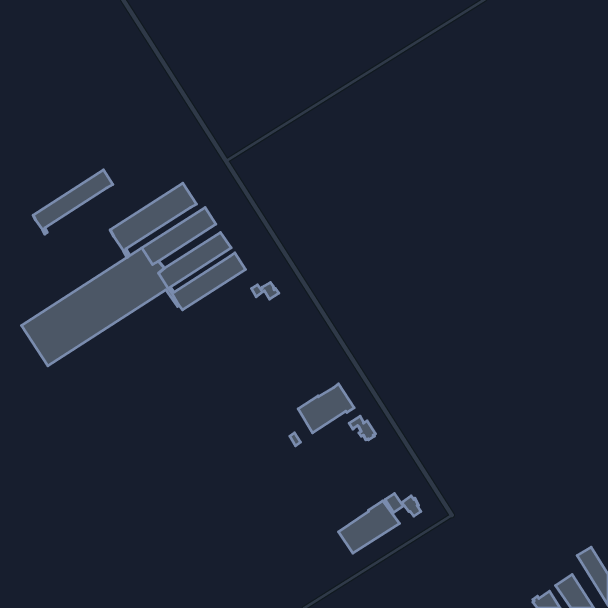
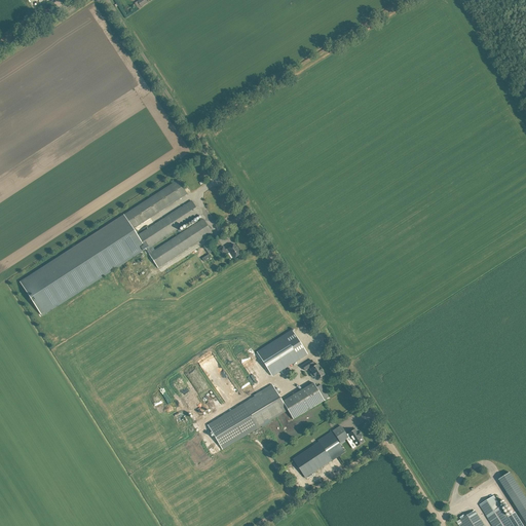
building: [33,170,113,234] -> none
building: [110,183,196,257] -> none
building: none -> [206,381,323,448]

